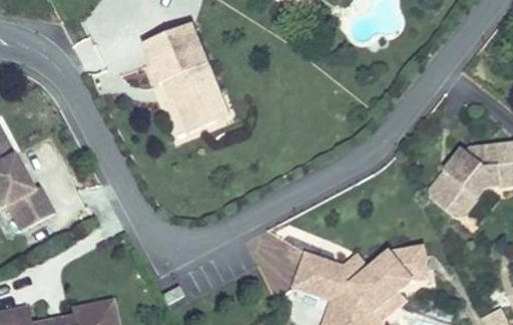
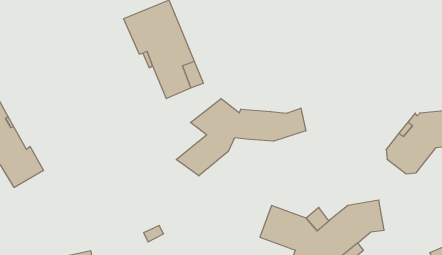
building: none -> [176,98,306,176]

